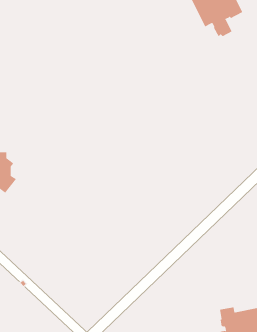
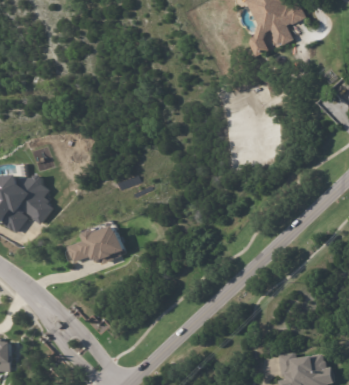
building: none -> [66,225,124,264]

